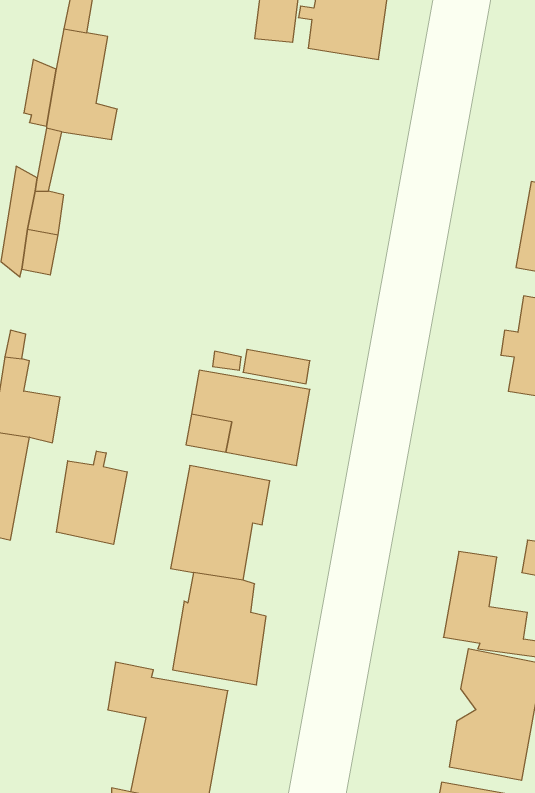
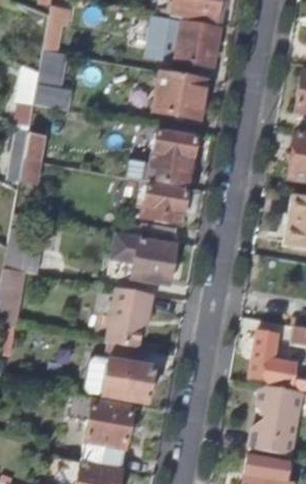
building: none -> [154,70,207,118]
building: none -> [127,131,196,185]
building: none -> [142,184,185,223]
building: [56,451,127,544] -> none

